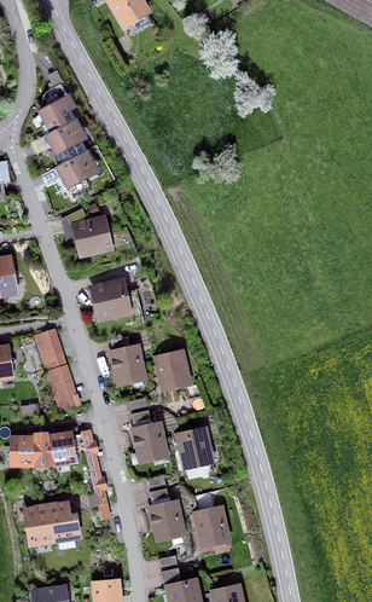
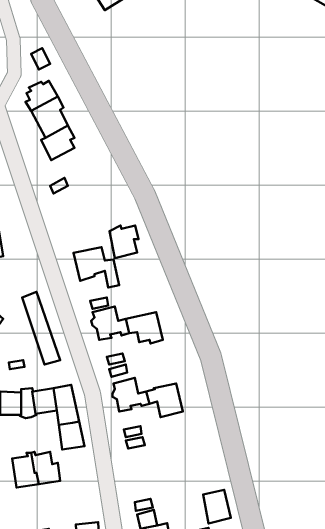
building: [75,218,106,253] -> [109,226,138,258]
building: [151,500,181,537] -> none
building: [197,507,227,543] -> [203,490,231,523]

